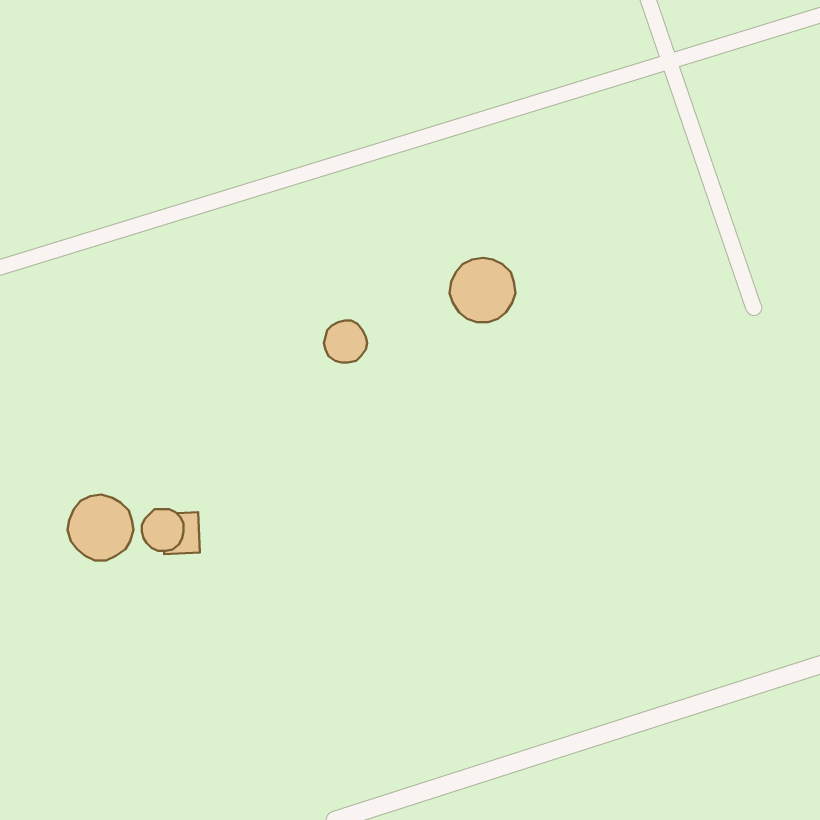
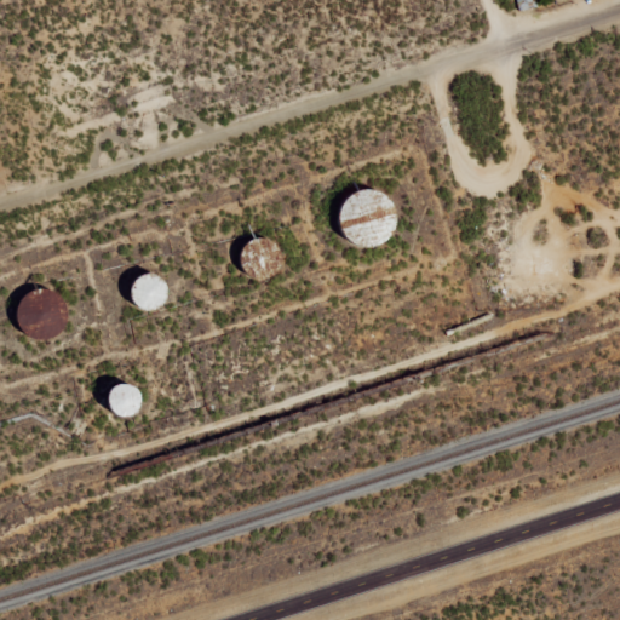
building: none -> [133,275,165,308]
building: [67,495,134,561] -> [15,287,64,337]

